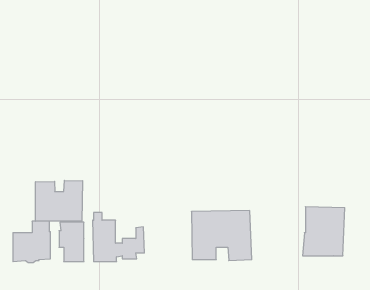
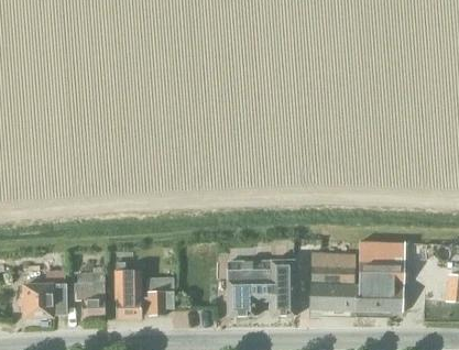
building: [36,180,83,221] -> none
building: none -> [308,251,358,309]

